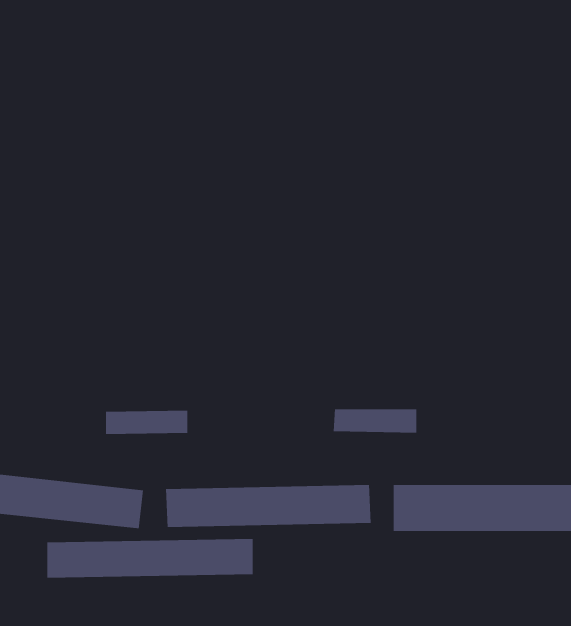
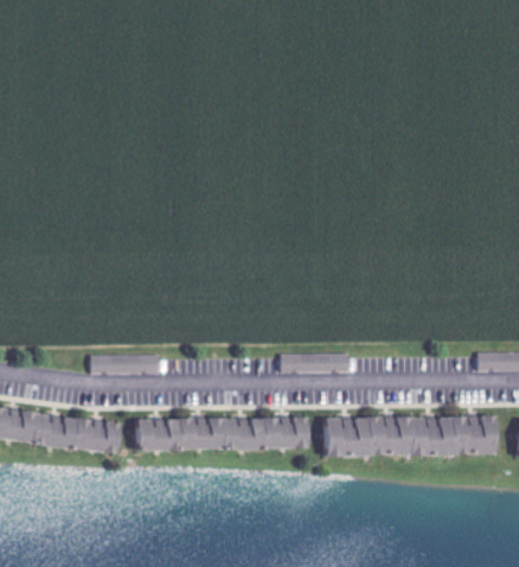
building: [47,538,253,578] -> none

